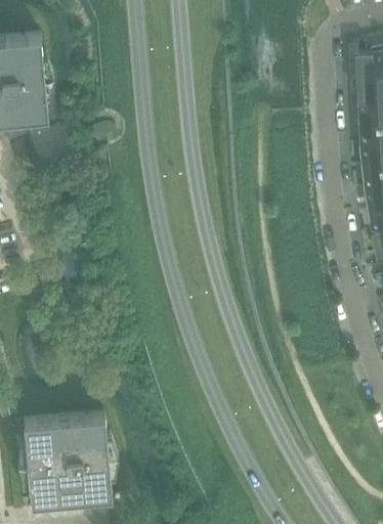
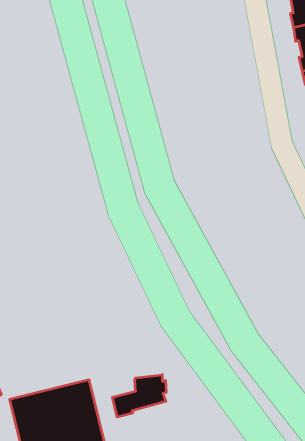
building: none -> [112,375,166,417]

